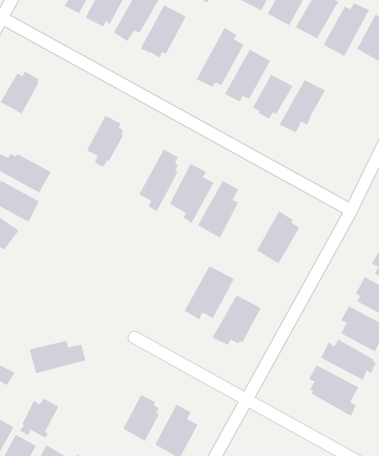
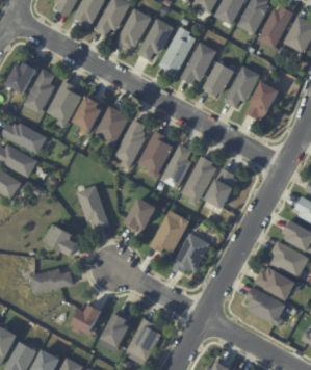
building: none -> [136,18,174,60]
building: none -> [22,69,54,113]
building: none -> [244,79,279,118]
building: none -> [46,80,80,127]
building: none -> [94,105,128,148]
building: none -> [181,156,216,206]
building: none -> [76,185,108,229]
building: none -> [124,196,156,231]
building: none -> [43,222,78,256]
building: [19,398,59,438] -> [70,303,101,335]

